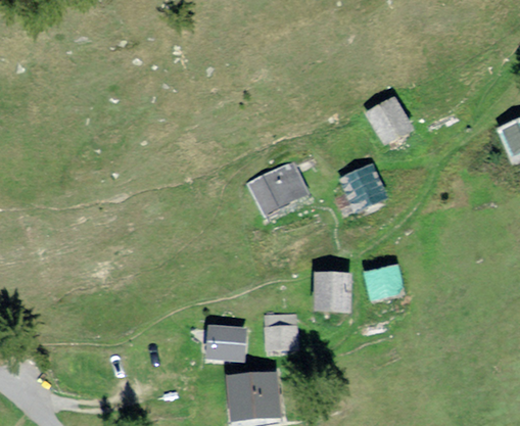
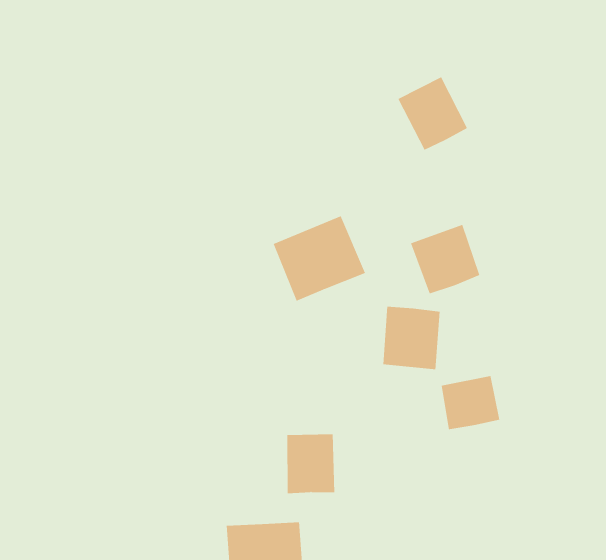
building: [363,94,412,145] -> [398,76,468,151]
building: [314,271,350,312] -> [382,306,440,370]
building: [205,322,248,364] -> none

